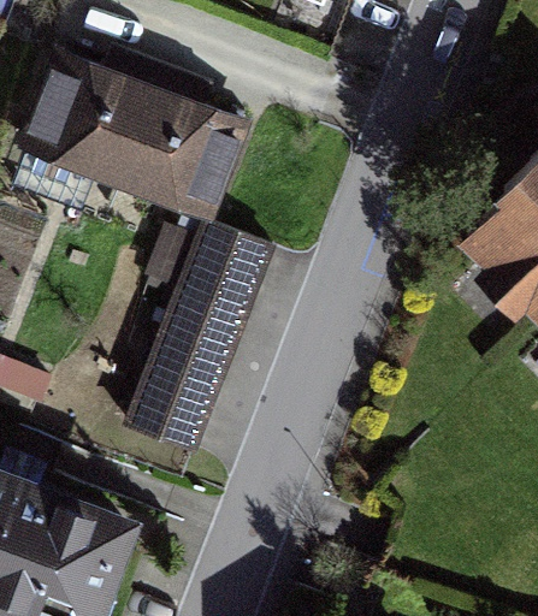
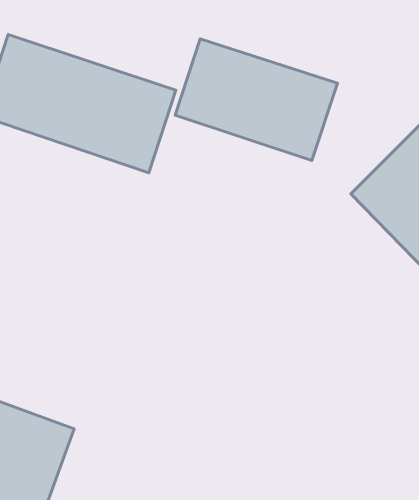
building: none -> [175,39,337,161]
building: [125,226,264,448] -> none

